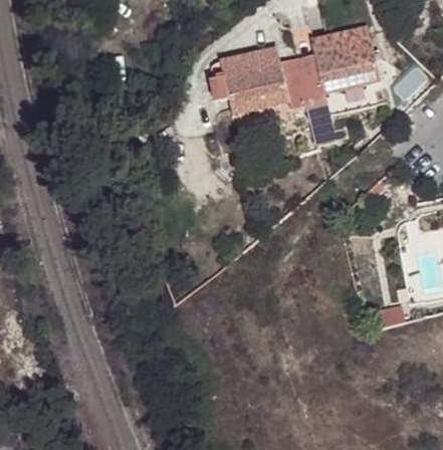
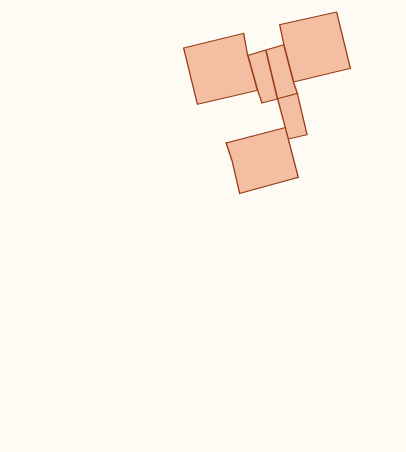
building: none -> [226,128,298,194]

